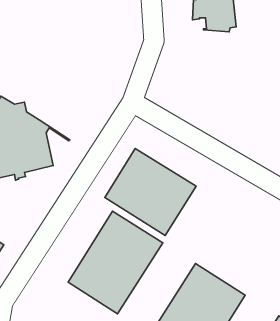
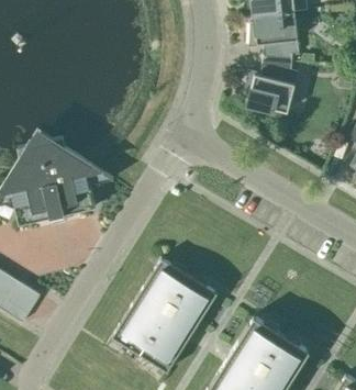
building: none -> [247,62,299,112]
building: [105,148,196,235] -> none

